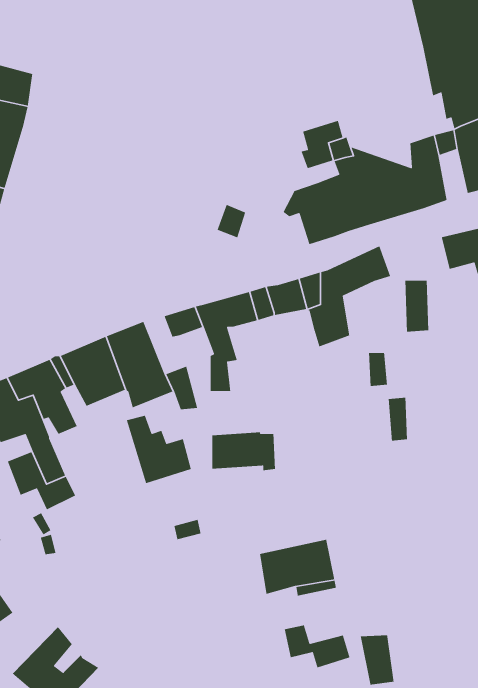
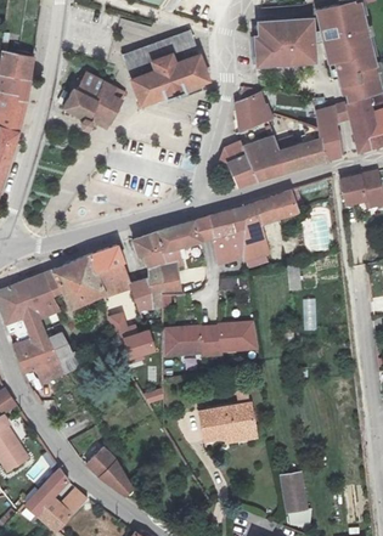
building: none -> [253,17,316,67]
building: none -> [123,30,209,105]
building: none -> [66,72,124,125]
building: none -> [215,235,246,261]
building: none -> [146,248,170,308]
building: none -> [215,321,263,352]
building: none -> [94,444,136,491]
building: [284,624,351,668] -> none

